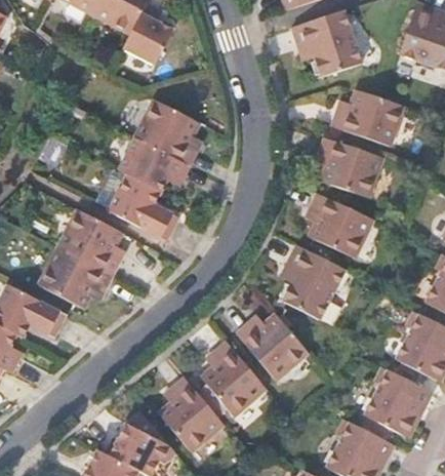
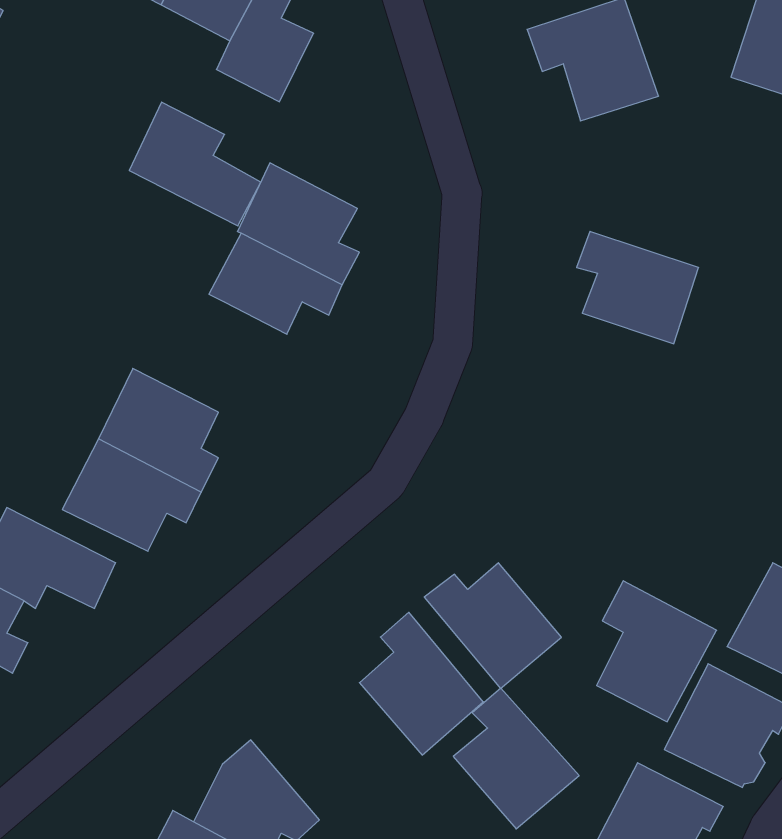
building: [330,87,405,146] -> none
building: [109,173,179,240] -> [129,102,261,226]
building: [308,193,373,257] -> none
building: [281,243,346,319] -> [597,581,717,722]
building: [157,376,225,452] -> [453,688,579,829]

